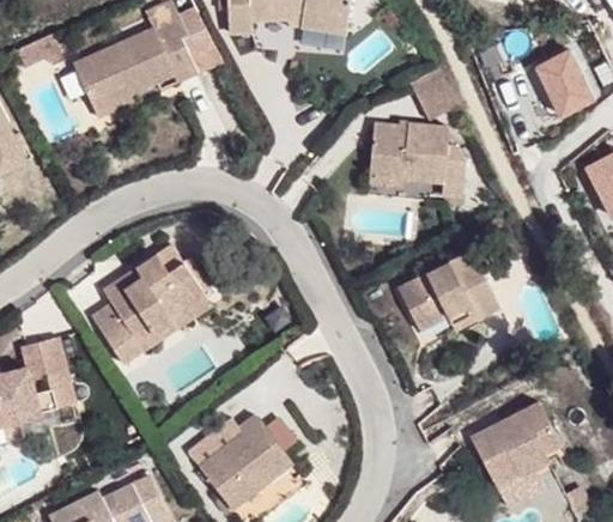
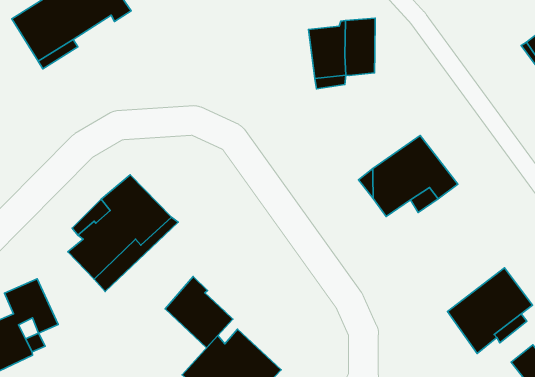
building: [435,121,466,193] -> none
building: none -> [165,277,233,348]

